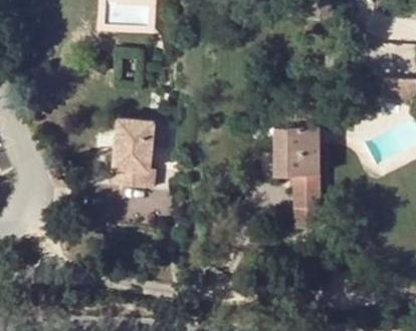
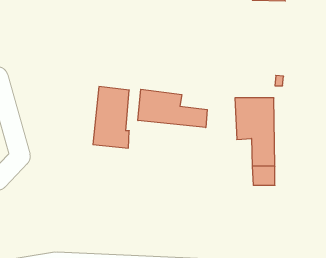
building: none -> [138,89,207,128]

